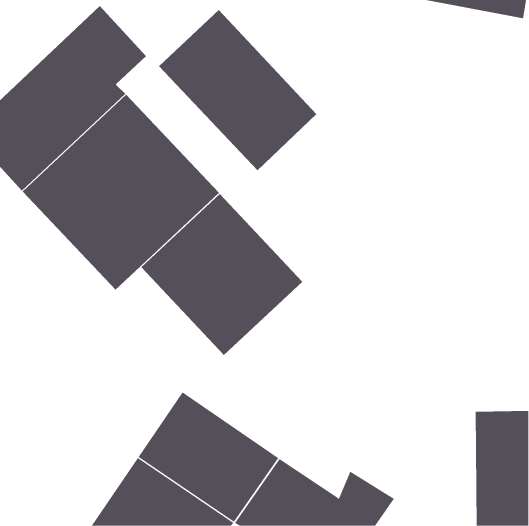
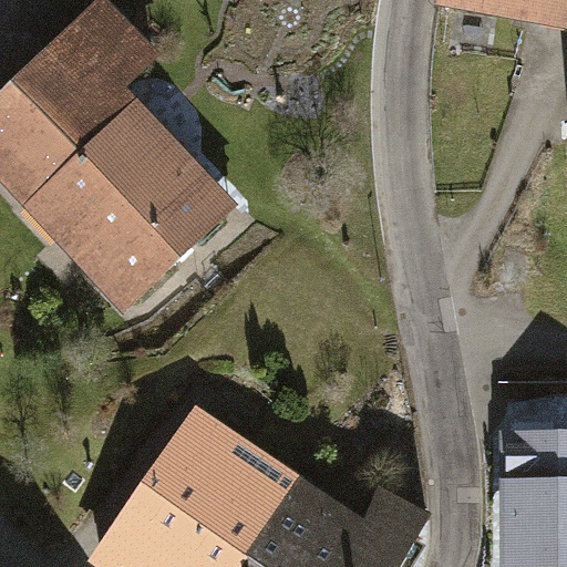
building: [158,9,317,171] -> none
building: [140,193,303,356] -> none

